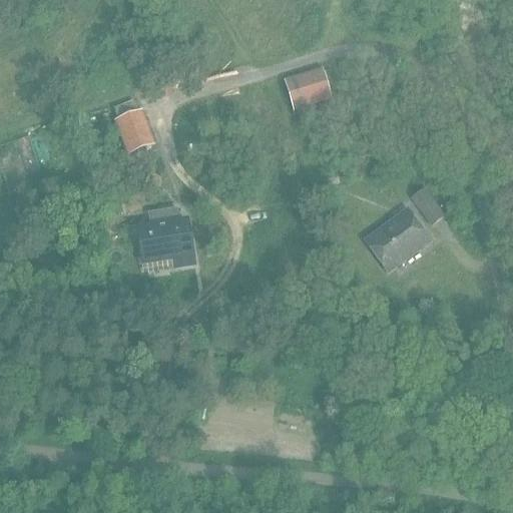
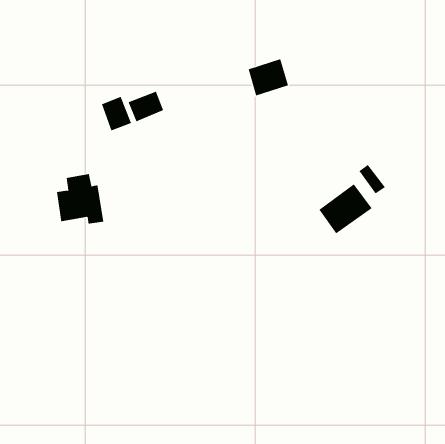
building: none -> [128,91,164,122]
building: [138,206,193,265] -> [56,174,104,224]

